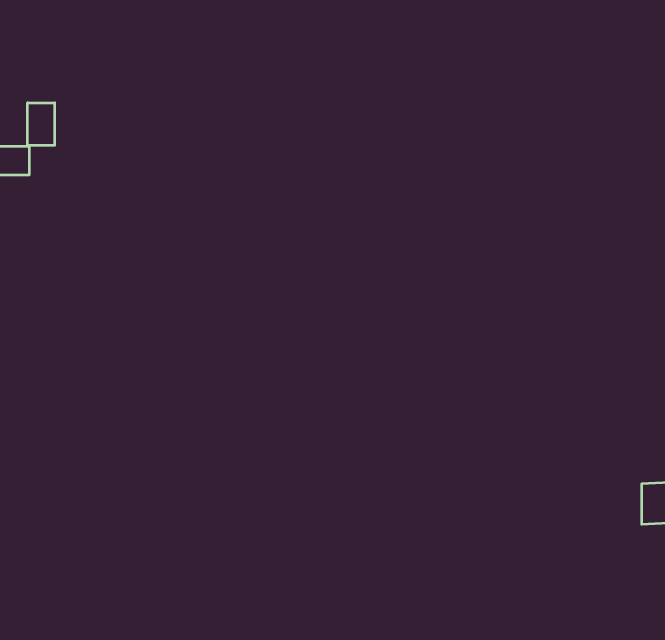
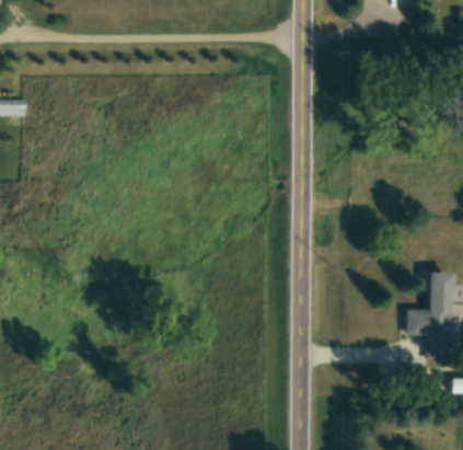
building: [28,103,55,145] -> none

